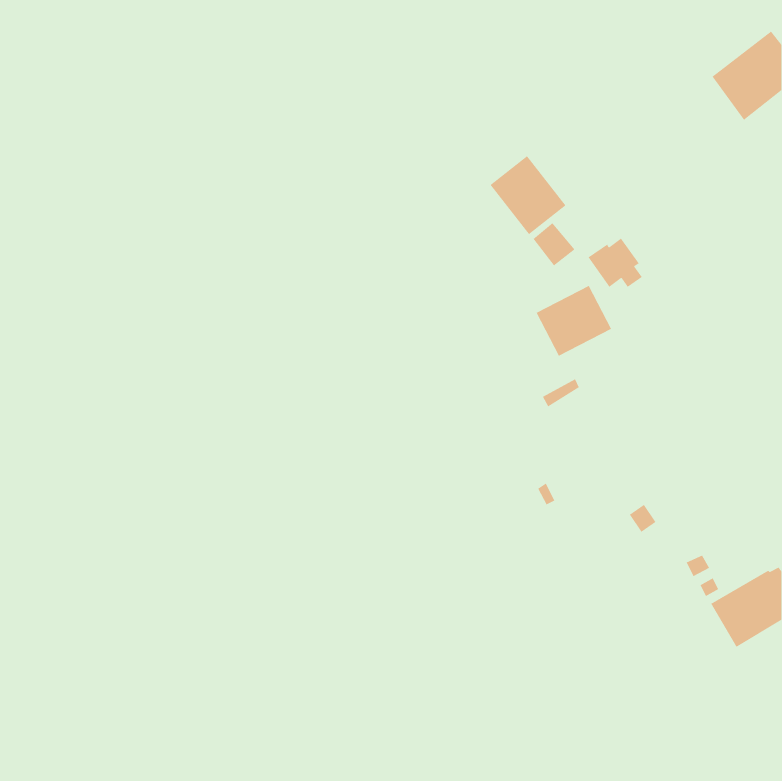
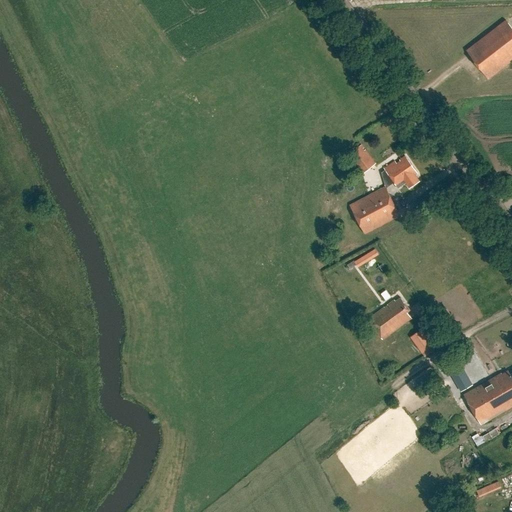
building: [489,155,566,235] -> none
building: none -> [368,296,412,338]

